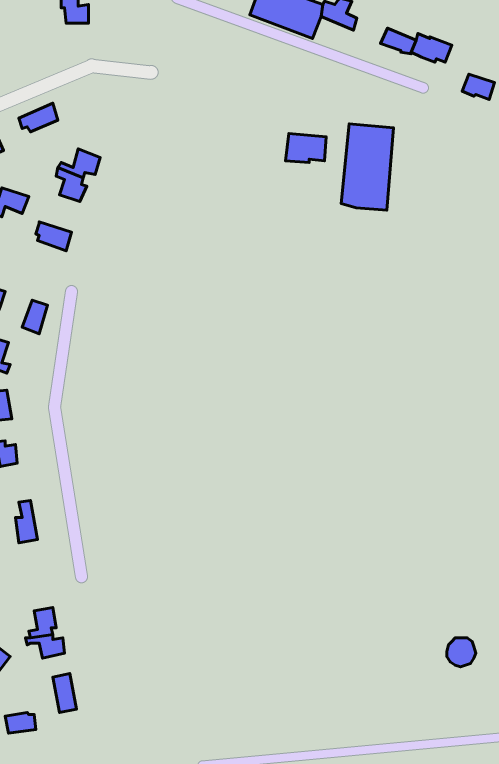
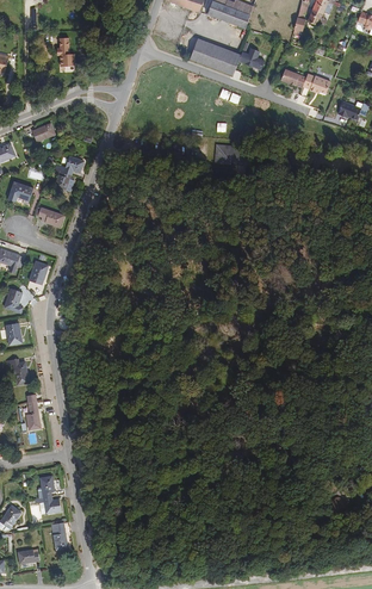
building: [341,124,393,210] -> none

